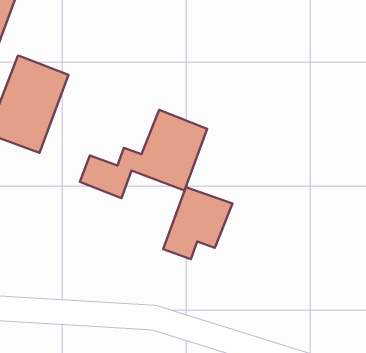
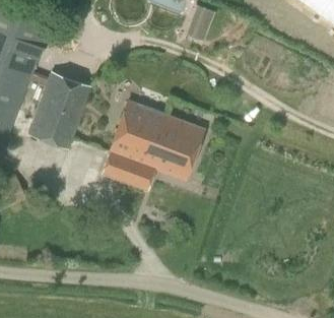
building: [163,187,232,259] -> [108,107,163,165]

